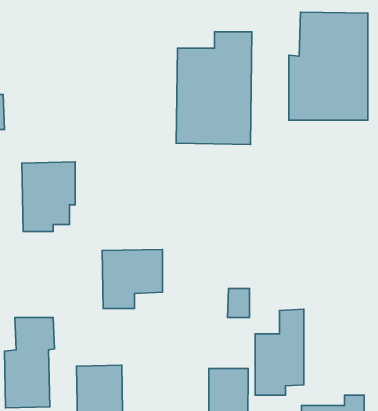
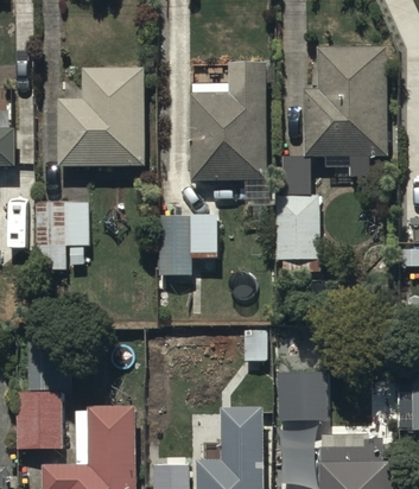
building: none -> [57,66,144,167]
building: none -> [275,193,319,272]
building: [102,249,162,309] -> [155,214,217,274]

